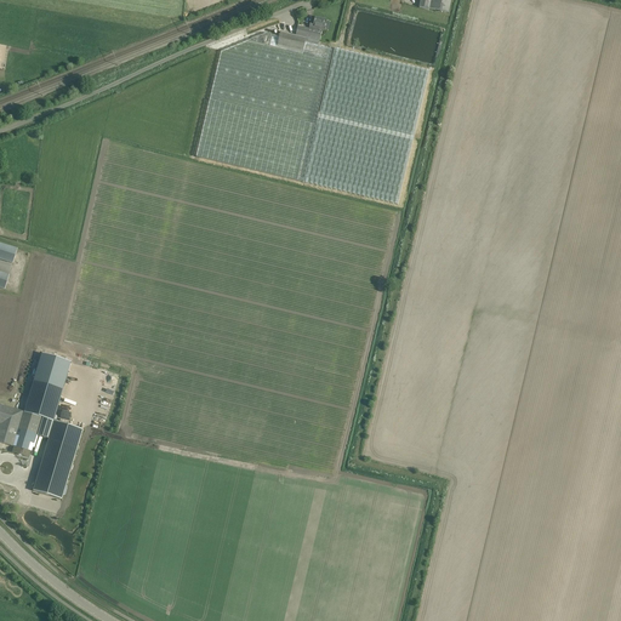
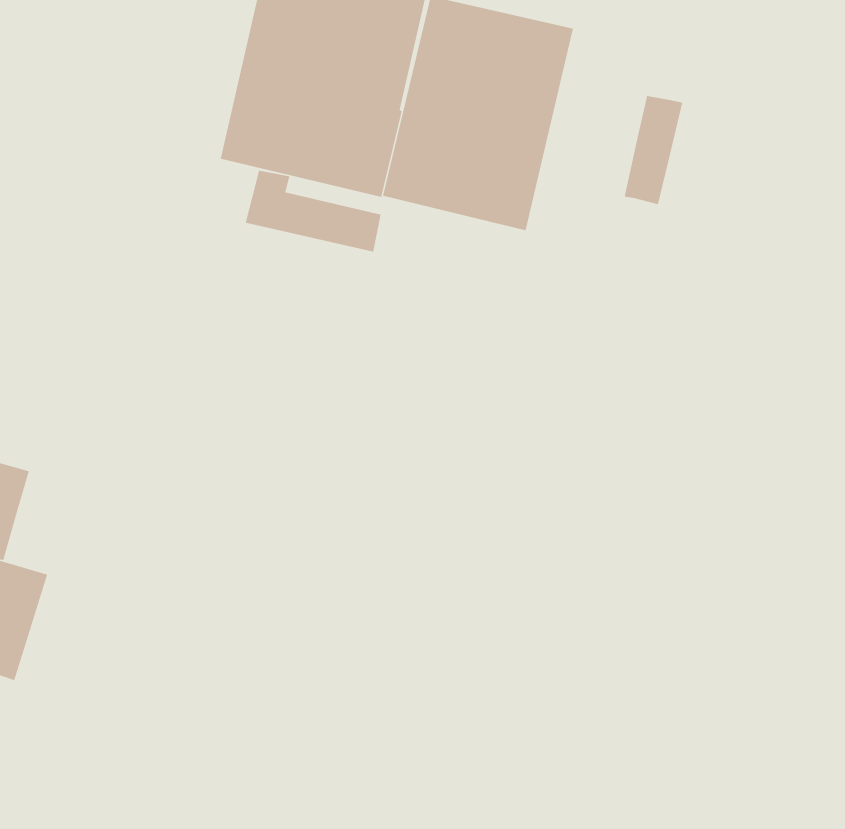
building: none -> [624,95,683,205]
building: none -> [245,170,381,253]

